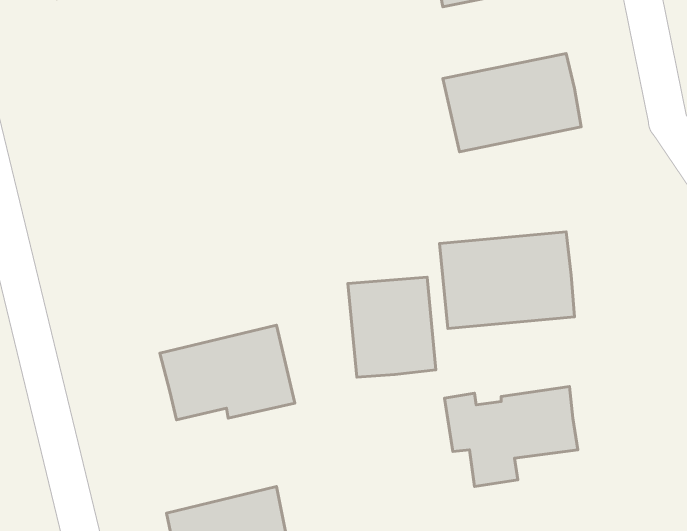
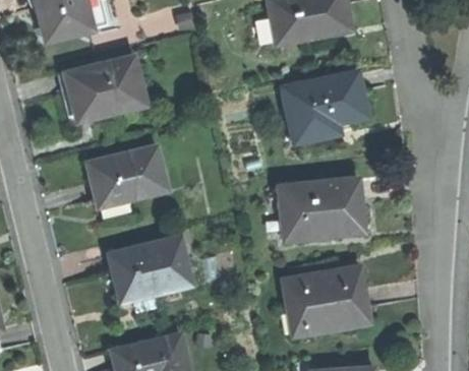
building: none -> [65,55,146,113]
building: none -> [87,145,168,200]
building: [348,277,436,377] -> none

